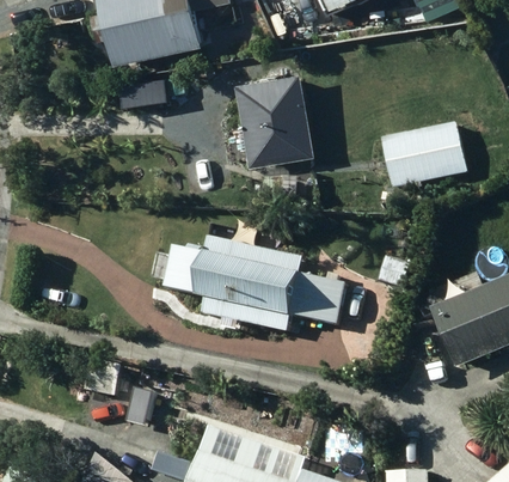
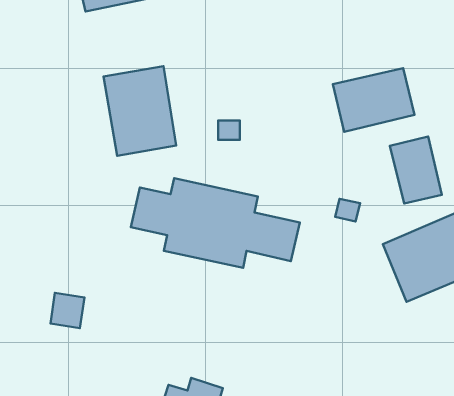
building: [238,69,314,164] -> [104,66,176,156]
building: none -> [390,137,442,203]

